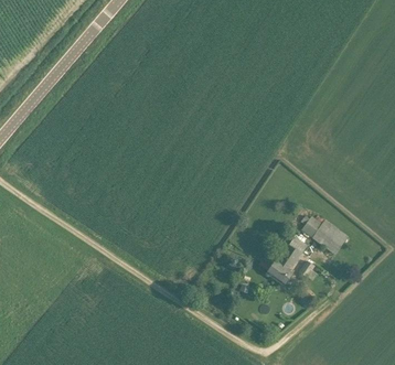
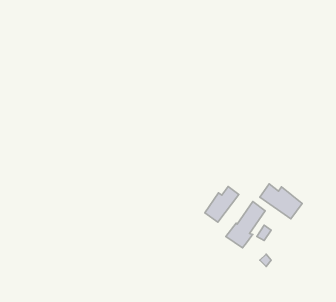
building: none -> [205,186,239,222]

